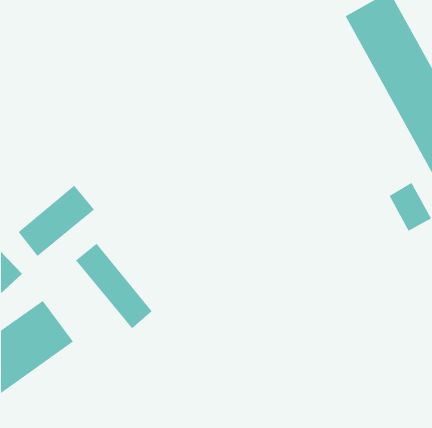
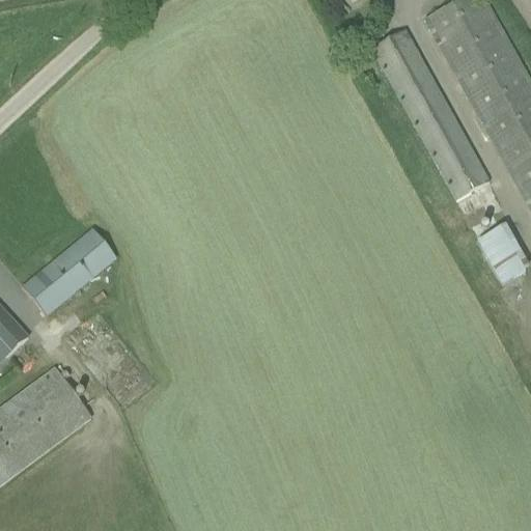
building: none -> [371,29,490,220]
building: [75,243,152,329] -> none

